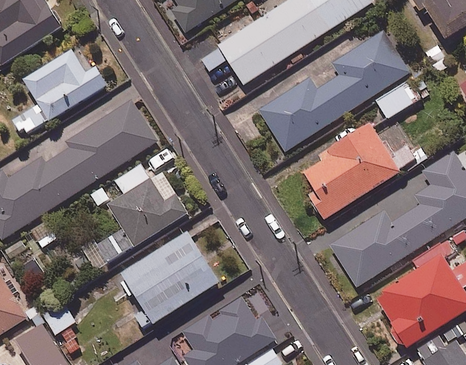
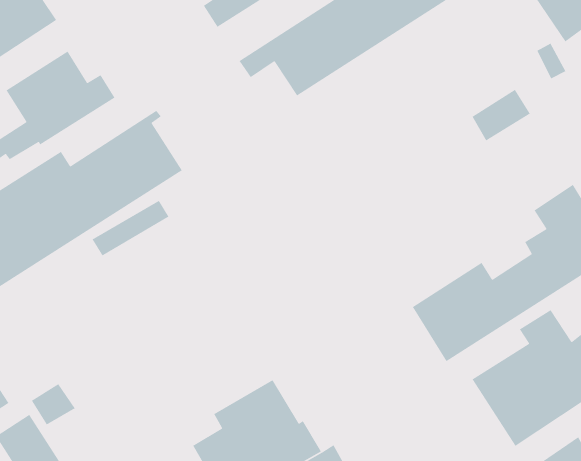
building: [259,29,410,150] -> none
building: [304,125,417,220] -> none
building: [83,172,188,269] -> none
building: [122,232,220,331] -> none

